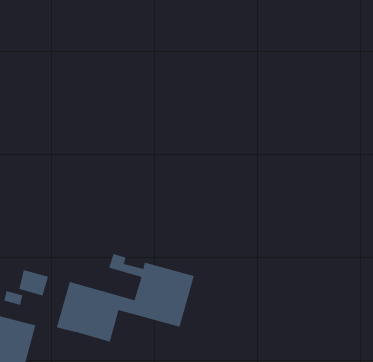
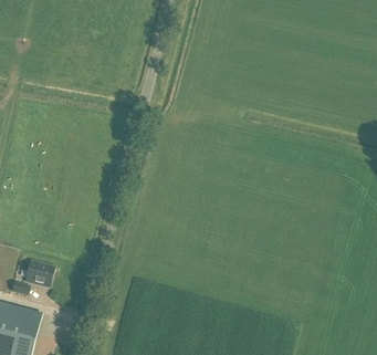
building: [56,253,194,342] -> none

